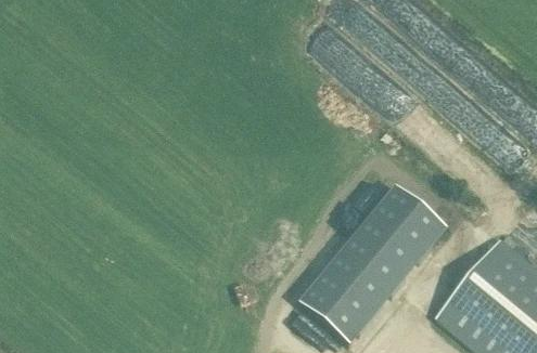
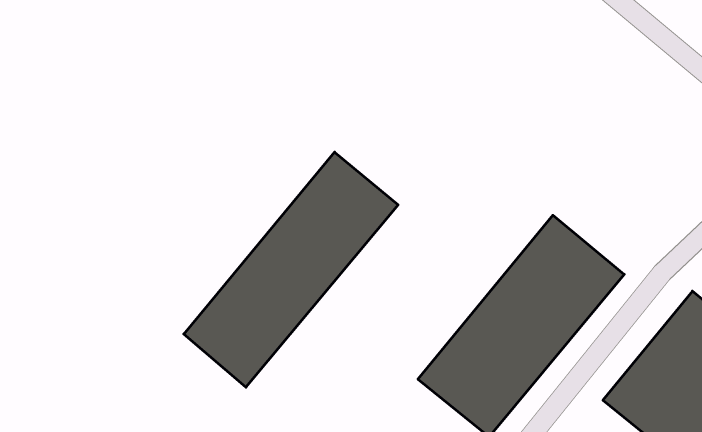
building: none -> [184,152,398,387]

